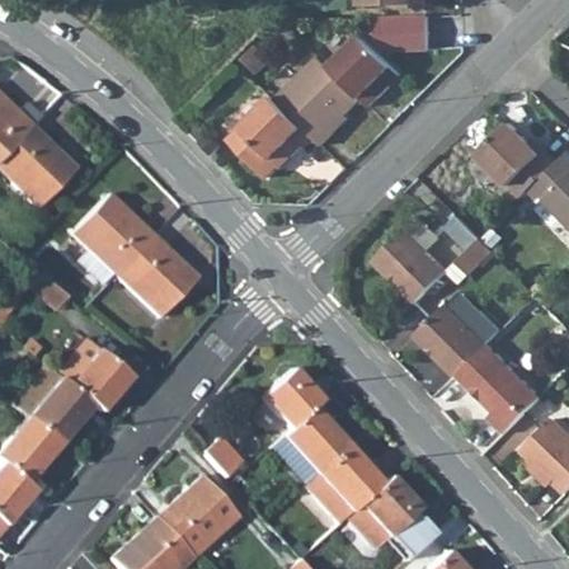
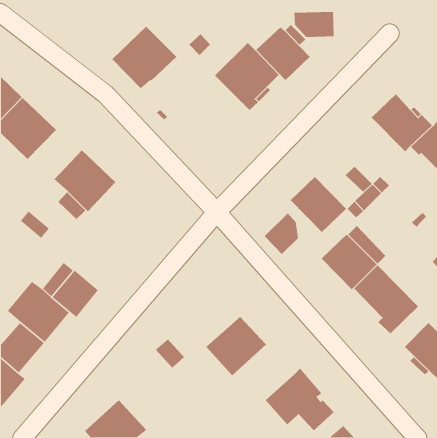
building: [232,94,317,177] -> [112,26,177,89]
building: [117,236,198,316] -> none
building: none -> [264,212,299,255]
building: [261,368,322,429] -> none
building: [303,446,382,525] -> none
building: [157,476,239,557] -> none

